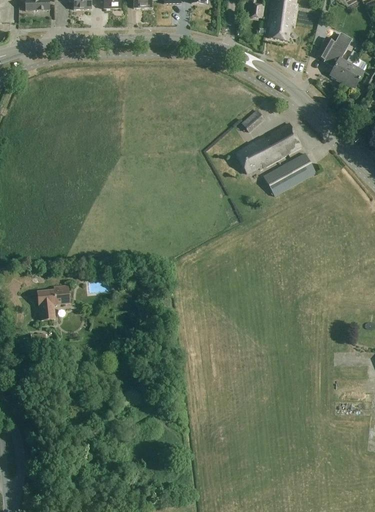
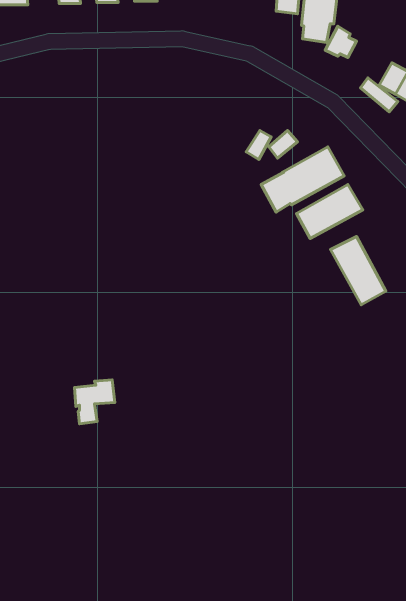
building: [316,35,341,60] -> [325,26,357,58]
building: none -> [331,237,386,305]
building: [40,286,72,321] -> [75,380,115,424]

